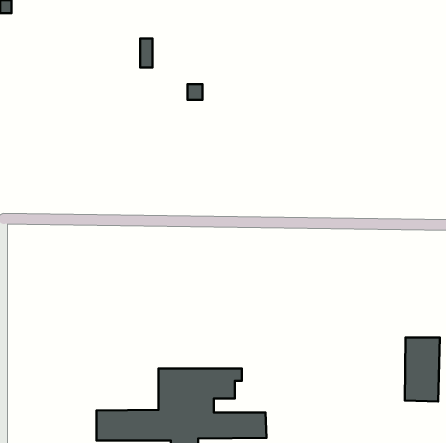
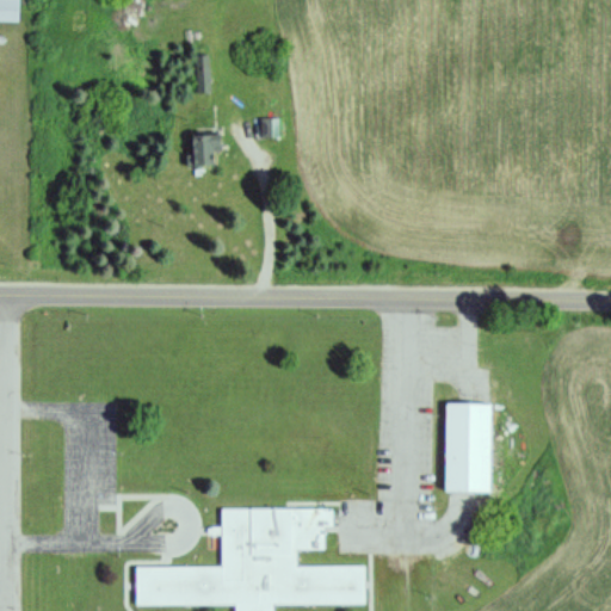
building: none -> [180,134,222,171]
building: [405,338,440,401] -> [445,403,493,490]

